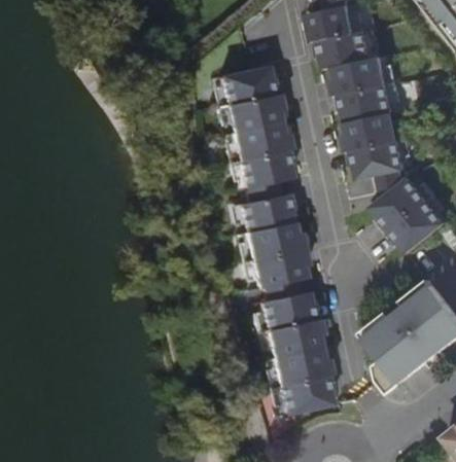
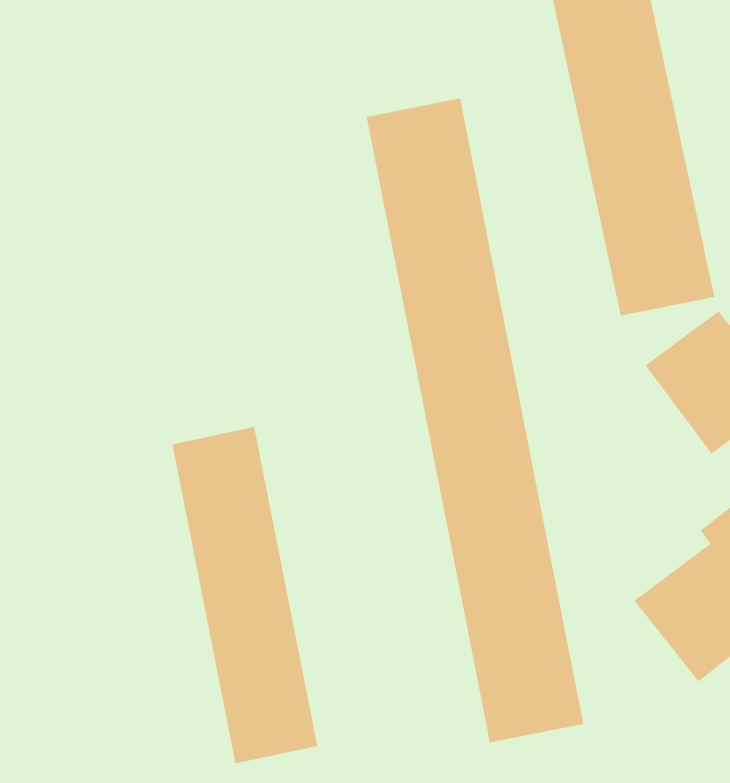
building: none -> [172,426,318,764]

